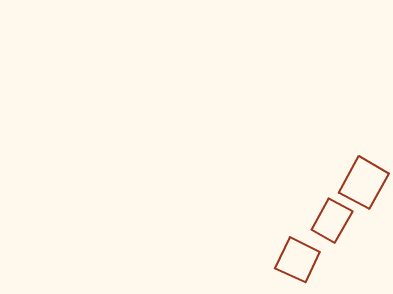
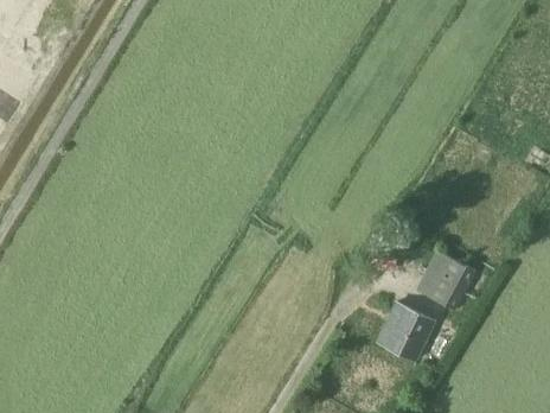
building: [339,156,389,209] -> none

